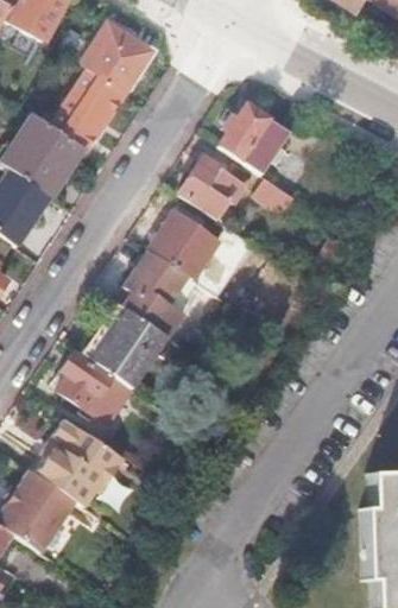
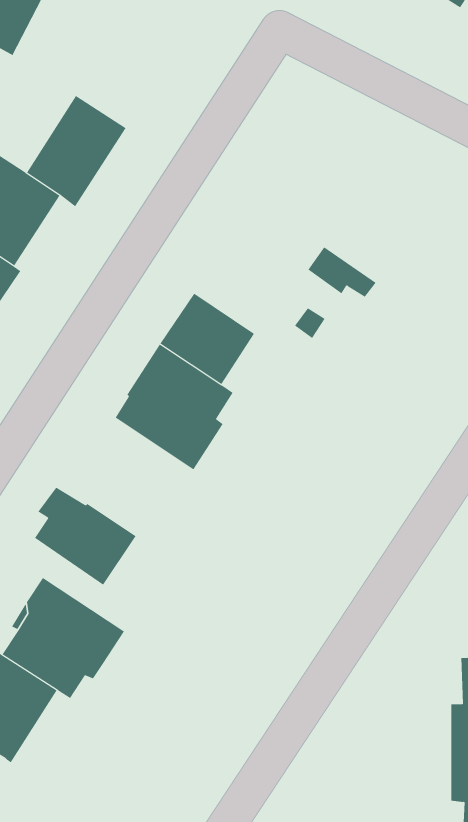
building: [81,24,151,94] -> none
building: [217,104,291,176] -> none
building: [179,157,241,218] -> none
building: [81,303,166,388] -> none

